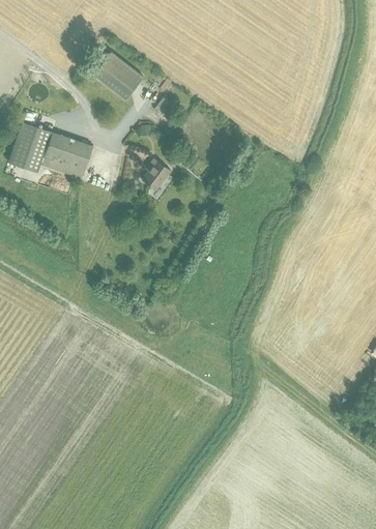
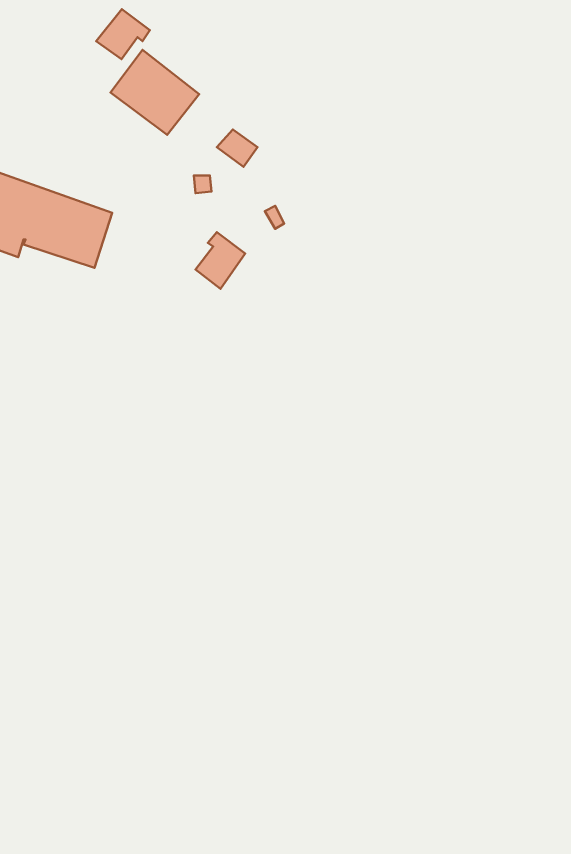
building: none -> [96,9,150,59]

